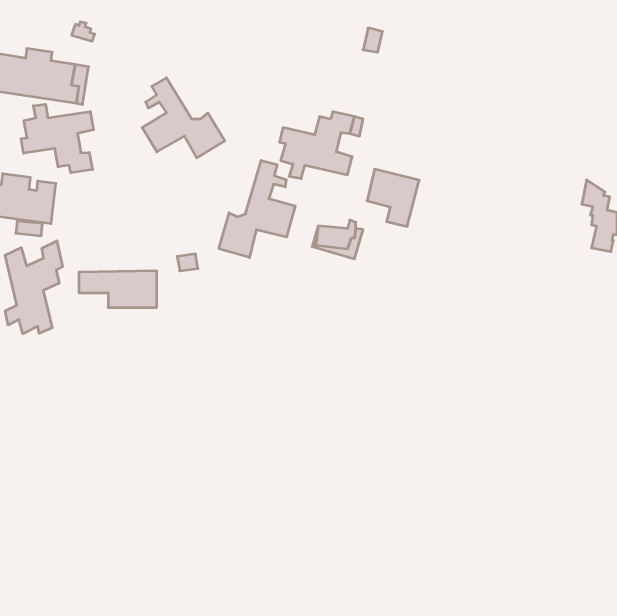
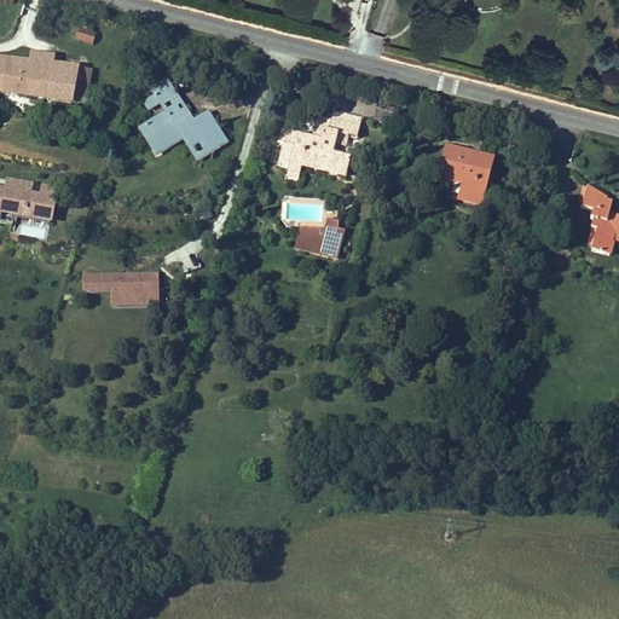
building: [21,104,93,173] -> none
building: [219,160,295,258] -> none
building: [367,169,419,226] -> [441,145,493,202]
building: [5,241,63,334] -> none

